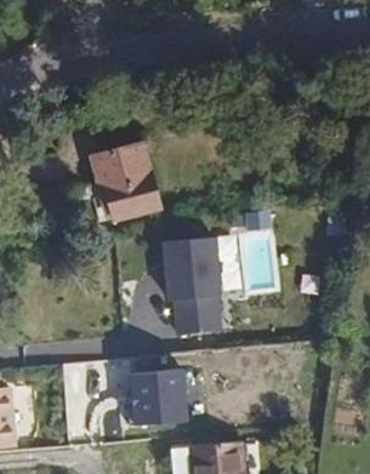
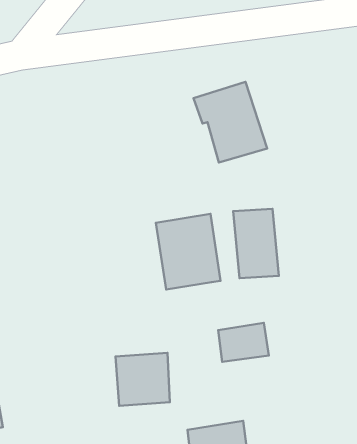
building: [89,148,159,225] -> [194,82,267,163]
building: [172,301,221,338] -> [218,323,269,362]

